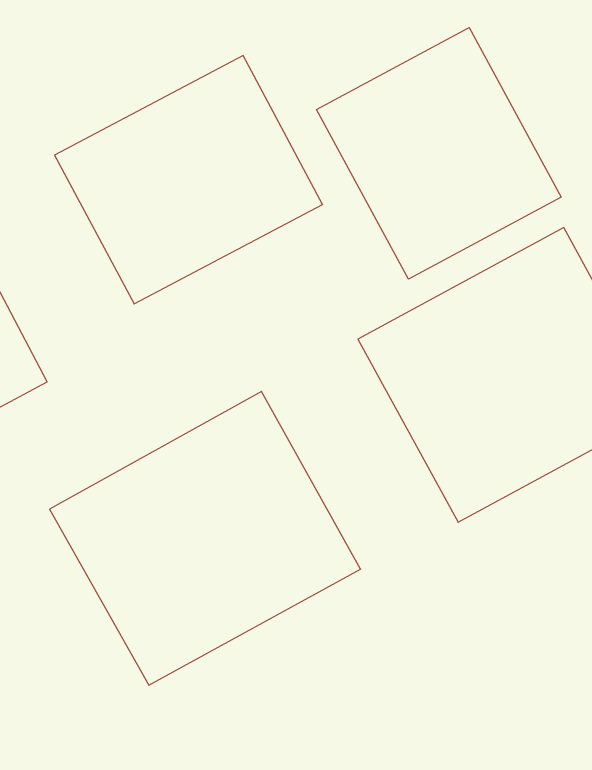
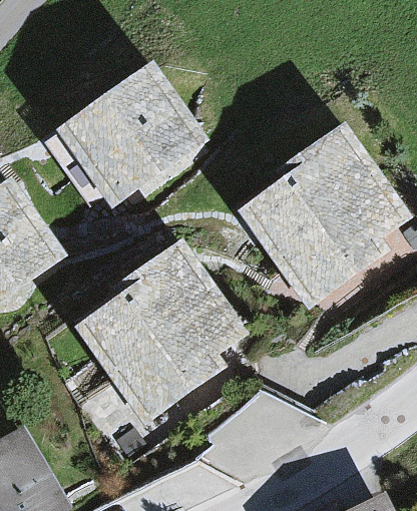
building: [316,28,561,279] -> none

